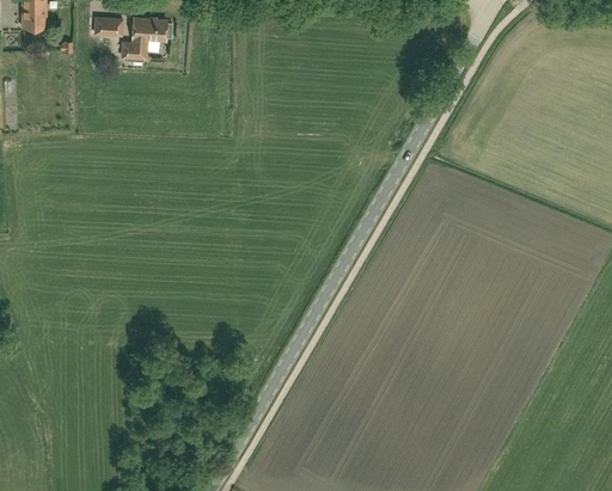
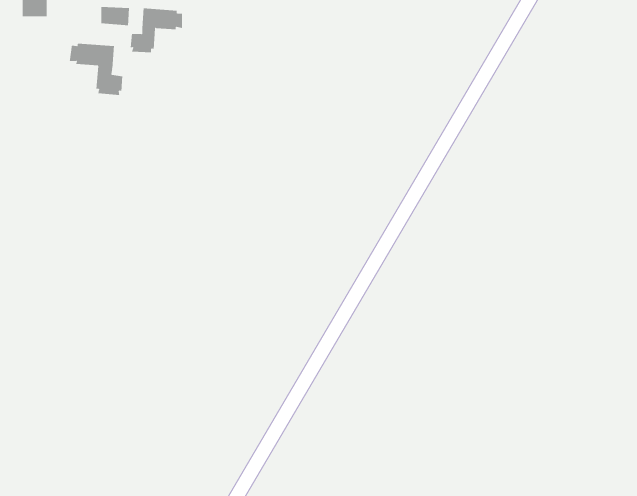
building: none -> [69,43,123,96]

